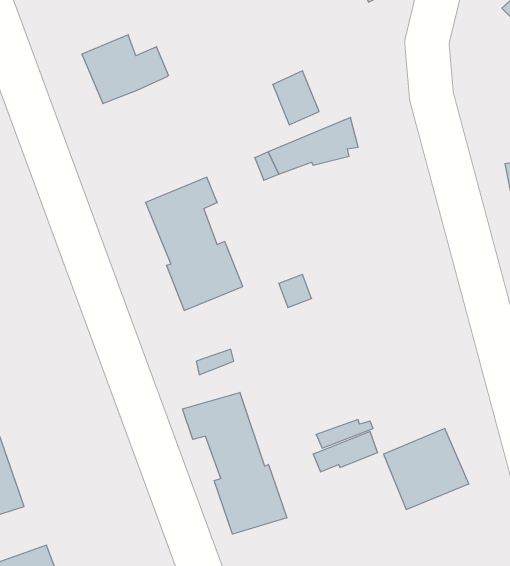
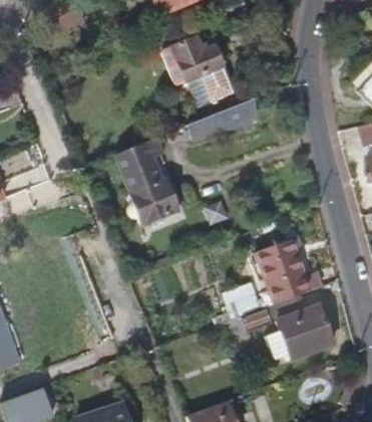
building: [82,35,169,104] -> [165,37,224,83]
building: none -> [257,234,325,302]
building: [183,392,287,534] -> none

